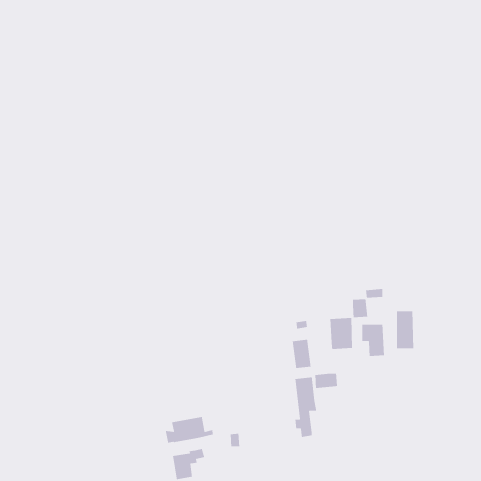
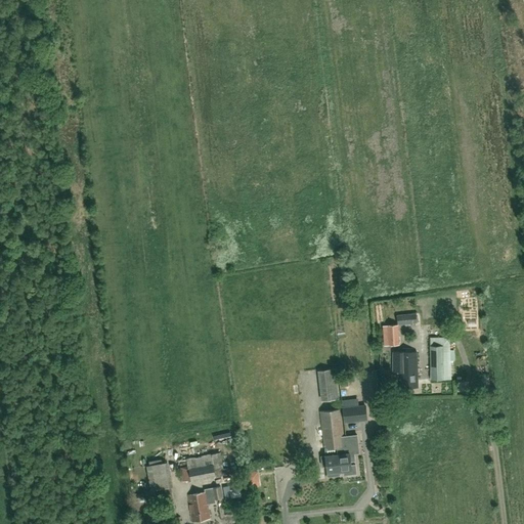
building: [330,317,353,350] -> none
building: none -> [337,434,359,475]
building: none -> [149,463,171,487]

